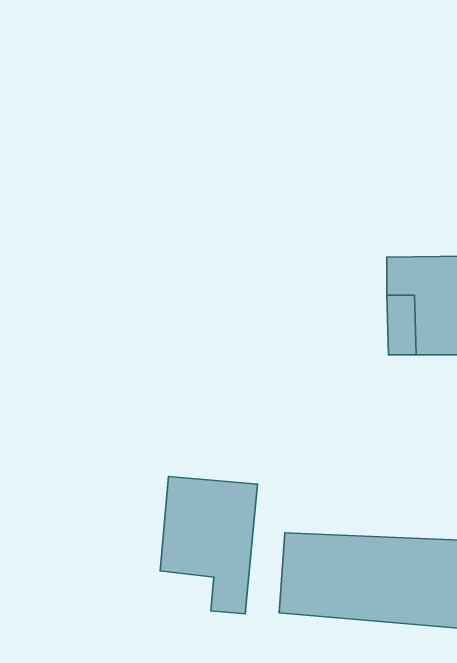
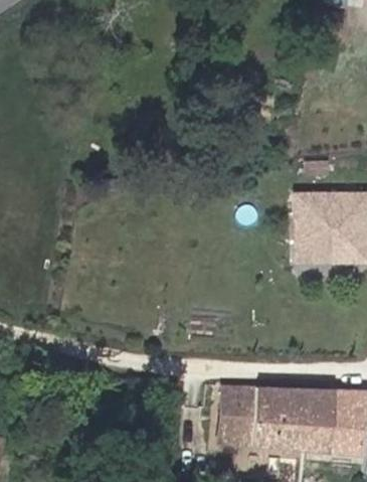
building: [160,477,258,614] -> none

